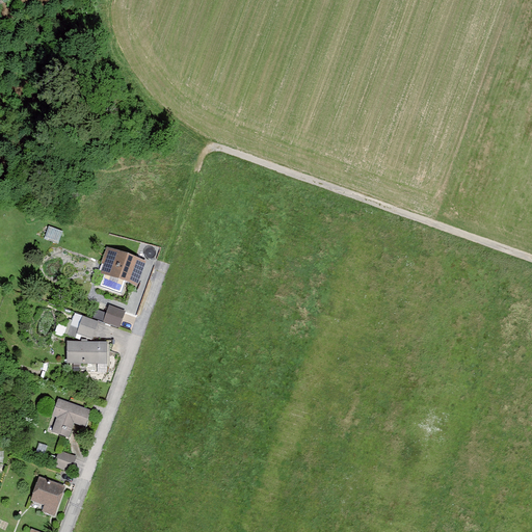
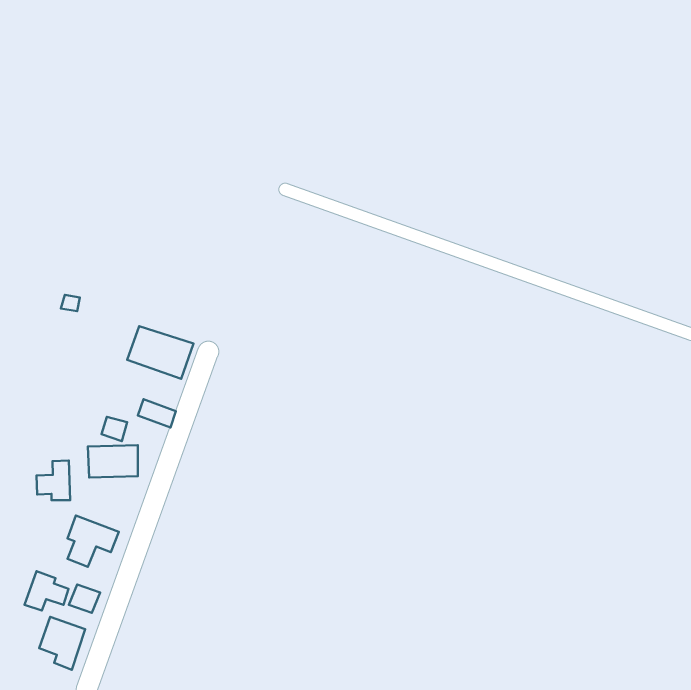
building: none -> [36,460,70,500]
building: none -> [24,571,69,611]

